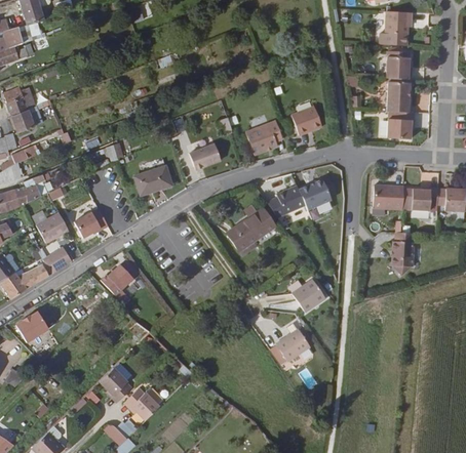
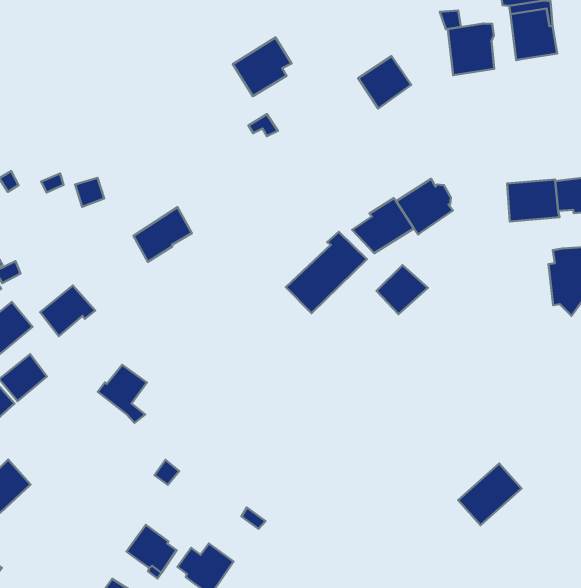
building: [390,112,419,140] -> [448,24,494,75]
building: [247,117,283,151] -> [233,38,291,96]
building: [191,148,223,170] -> none
building: [294,273,325,302] -> [376,265,428,314]
building: [274,327,314,363] -> [458,464,522,525]

